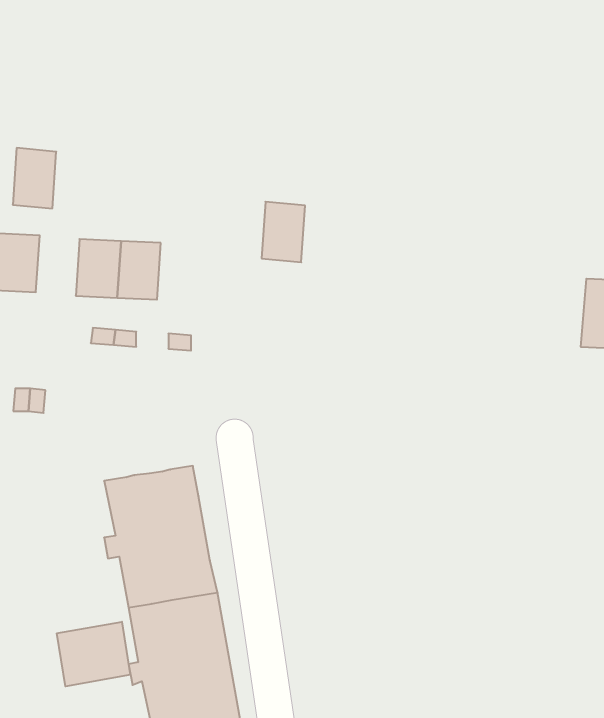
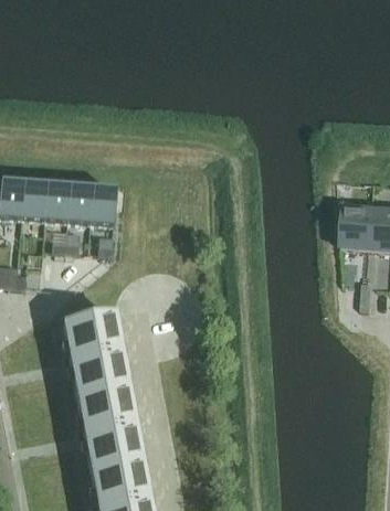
building: [13,148,56,208] -> [22,181,48,216]
building: [262,202,305,262] -> [93,185,118,221]
building: [57,622,130,686] -> none

